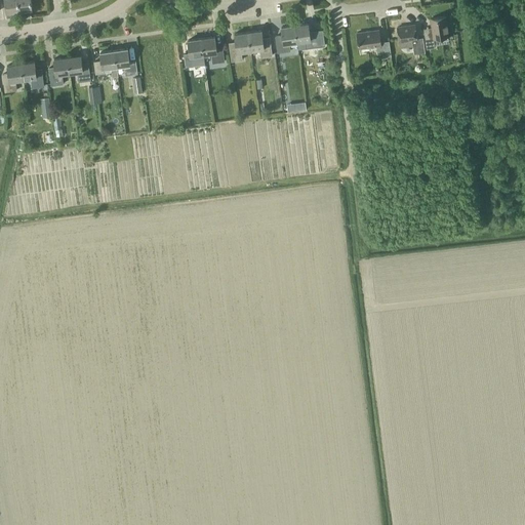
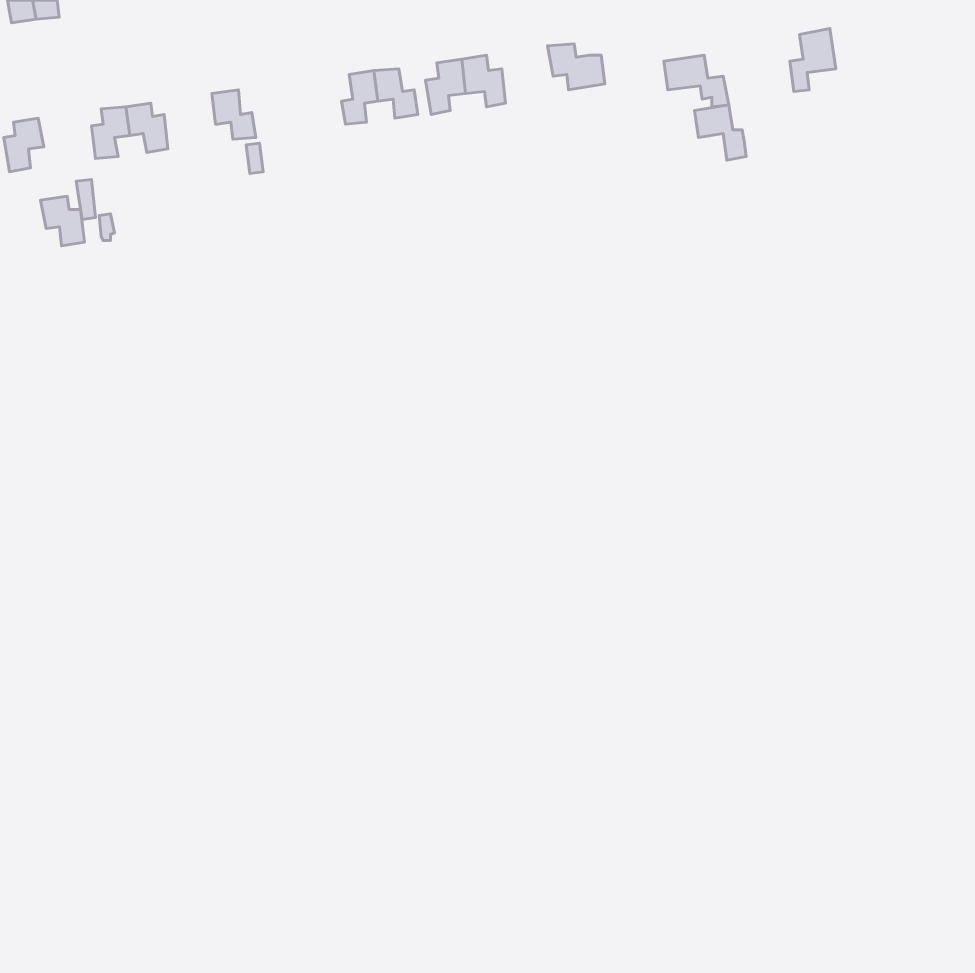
building: [275,26,297,53] -> none
building: [397,26,425,55] -> [695,105,746,160]
building: [94,51,118,78] -> none
building: [21,63,44,89] -> [41,196,84,246]

